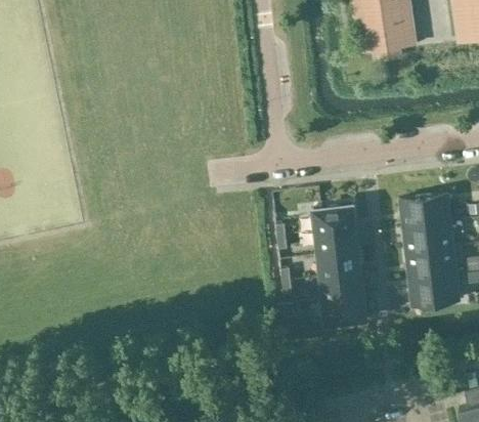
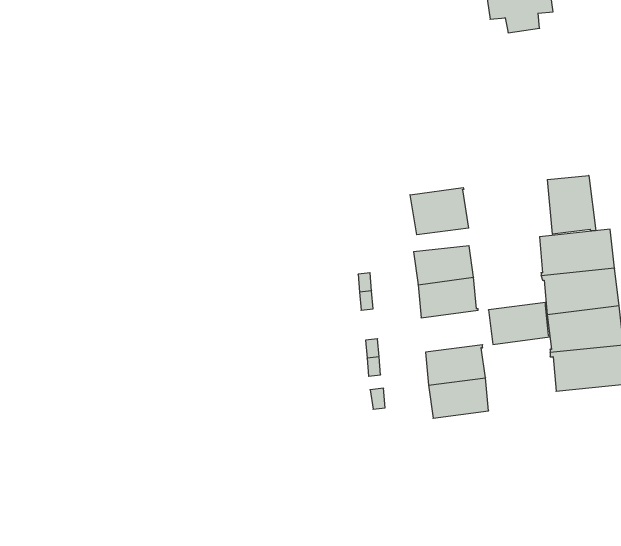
building: none -> [547,175,596,234]
building: none -> [410,188,469,235]
building: [318,249,360,278] -> [488,302,550,344]

